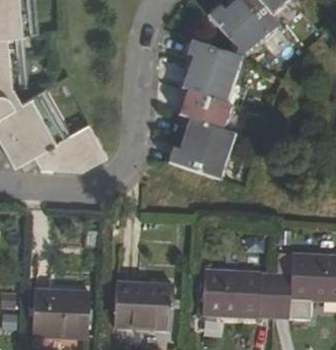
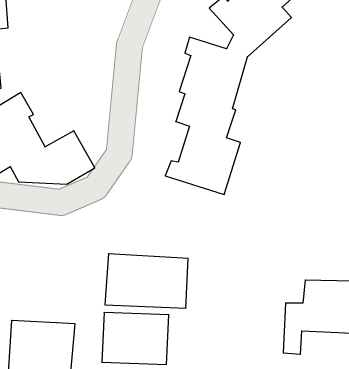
building: [202,271,275,319] -> [105,254,188,308]

